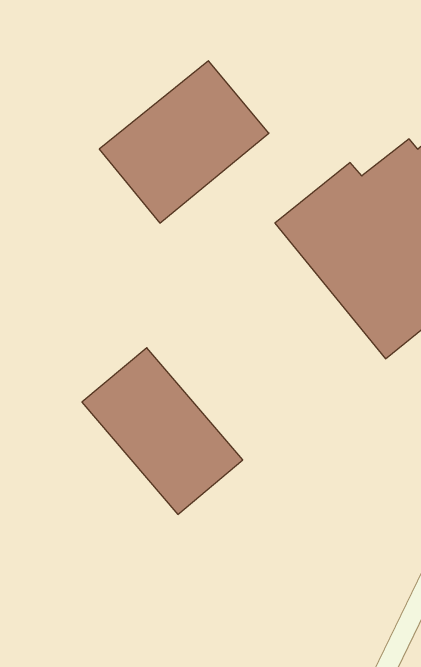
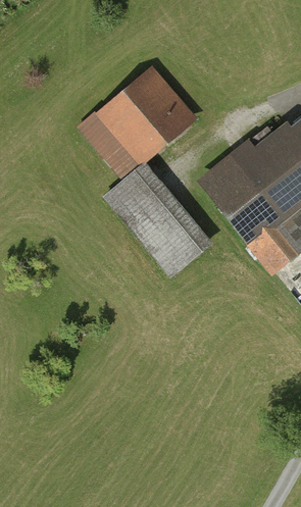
building: [82,348,243,514] -> [102,162,213,277]

